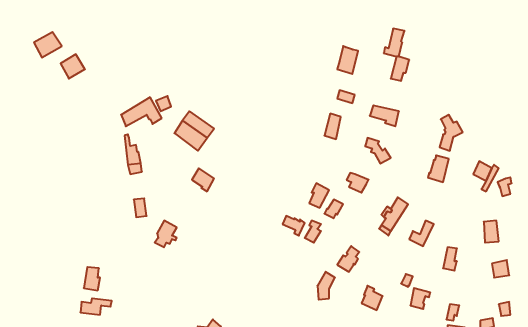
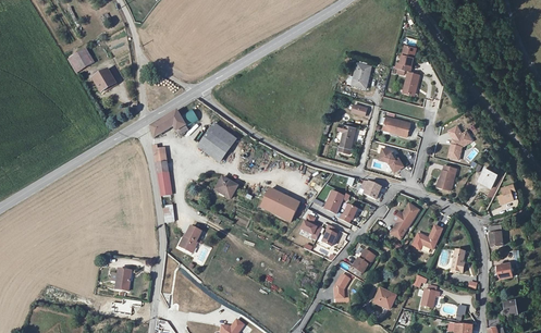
building: none -> [260,186,298,219]

